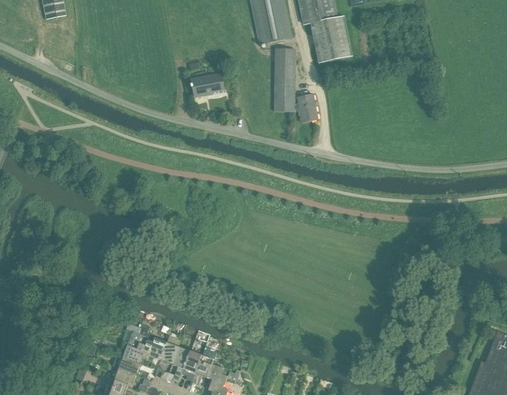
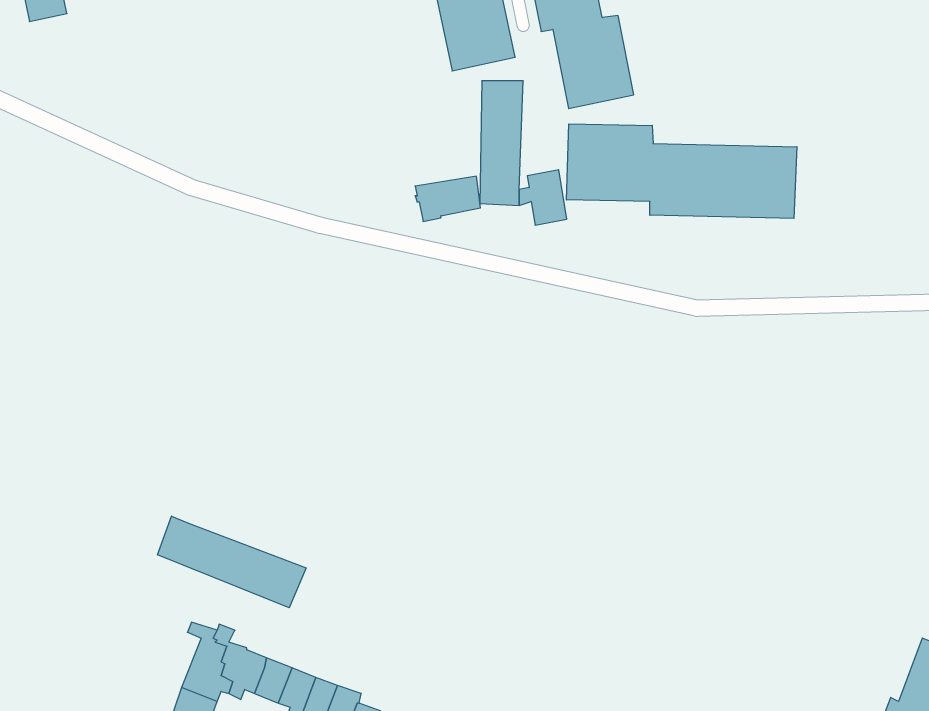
building: none -> [567,124,797,218]
building: [190,73,223,96] -> [415,176,480,222]
building: none -> [158,516,306,608]

